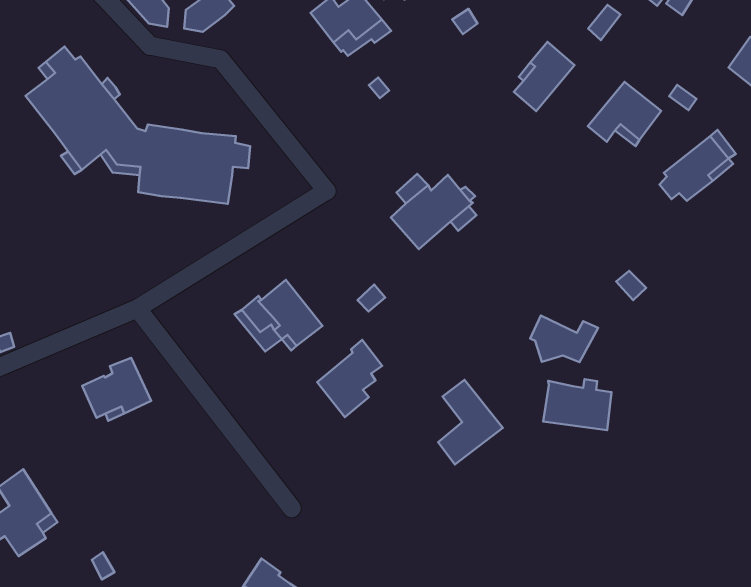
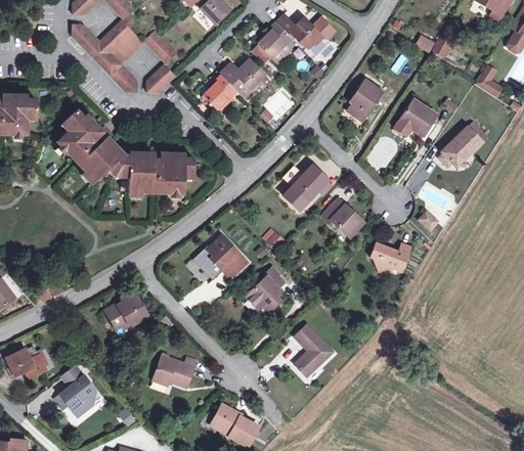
building: none -> [205,76,237,110]
building: none -> [323,199,364,237]
building: [543,379,612,430] -> none
building: [438,380,503,464] -> [296,325,334,376]
building: none -> [154,356,194,388]

